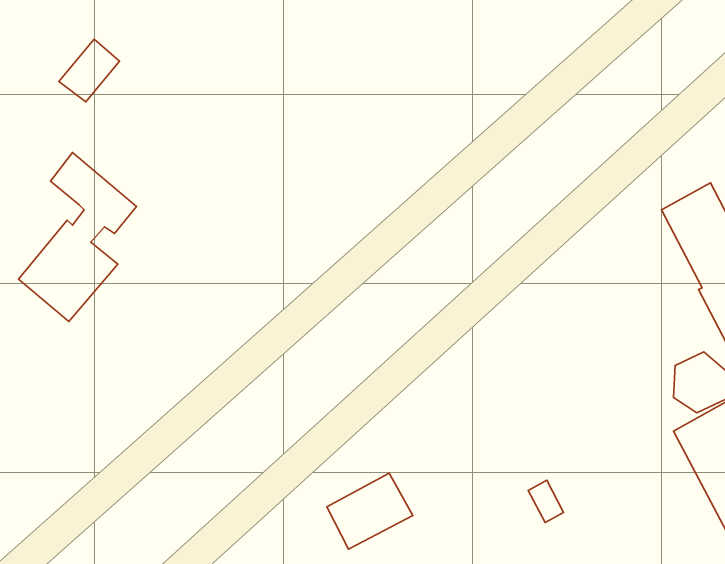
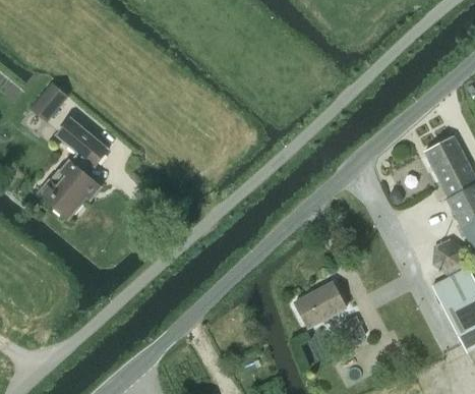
building: [59,39,120,102] -> [32,82,68,120]
building: [327,473,413,549] -> [295,281,347,327]

